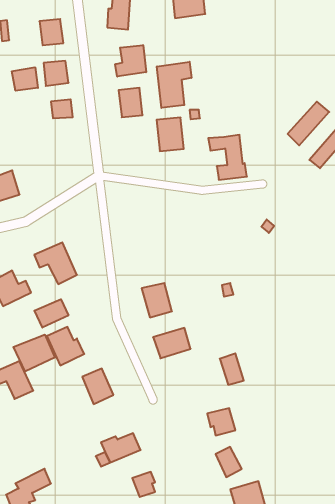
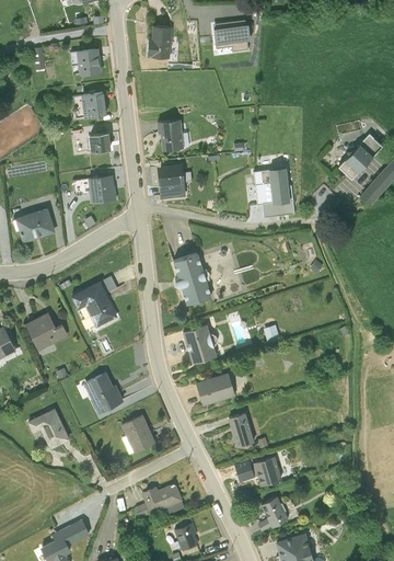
building: [115,45,146,77] -> none
building: [157,62,191,108] -> none
building: [12,67,38,91] -> none
building: [157,118,184,151] -> [157,163,185,198]
building: none -> [88,175,115,203]
building: none -> [172,253,210,305]
building: [34,299,68,328] -> none
building: [13,335,55,371] -> none
building: [220,353,244,385] -> [228,413,253,446]

